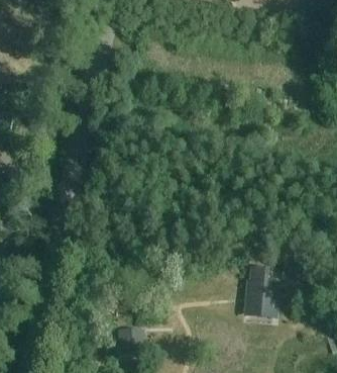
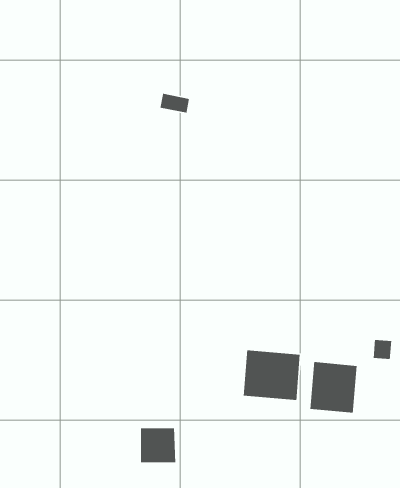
building: none -> [243,349,301,401]

